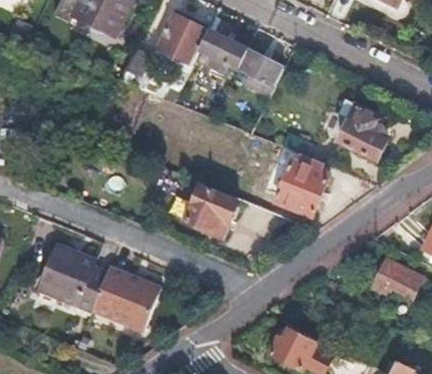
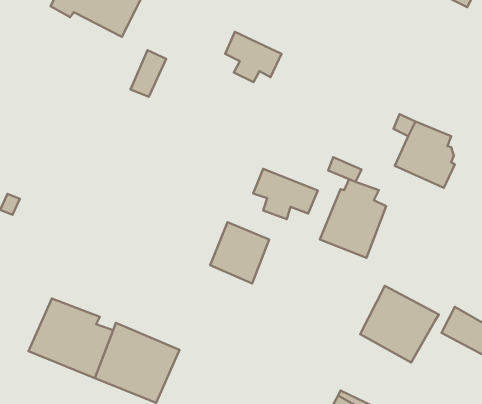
building: [154,13,206,64] -> none
building: [235,49,281,103] -> none
building: none -> [253,169,318,219]
building: none -> [360,286,439,362]

